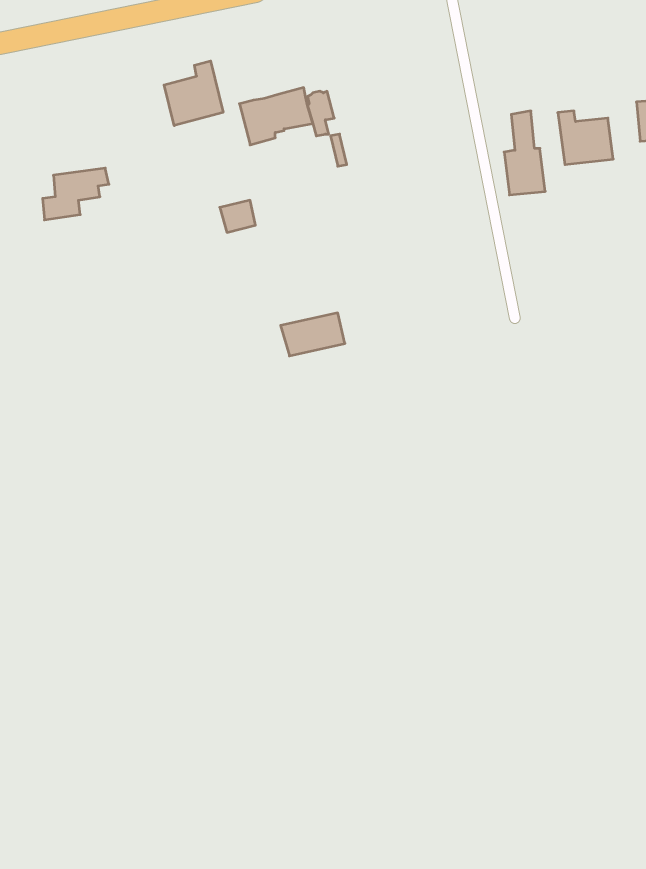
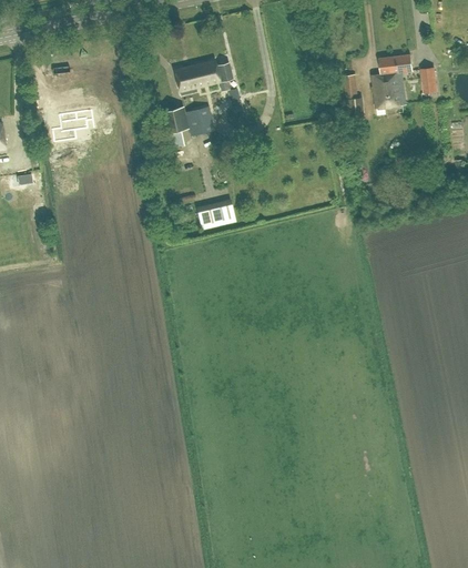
building: [164,61,223,126] -> none
building: none -> [379,54,413,81]
building: none -> [184,106,214,135]

